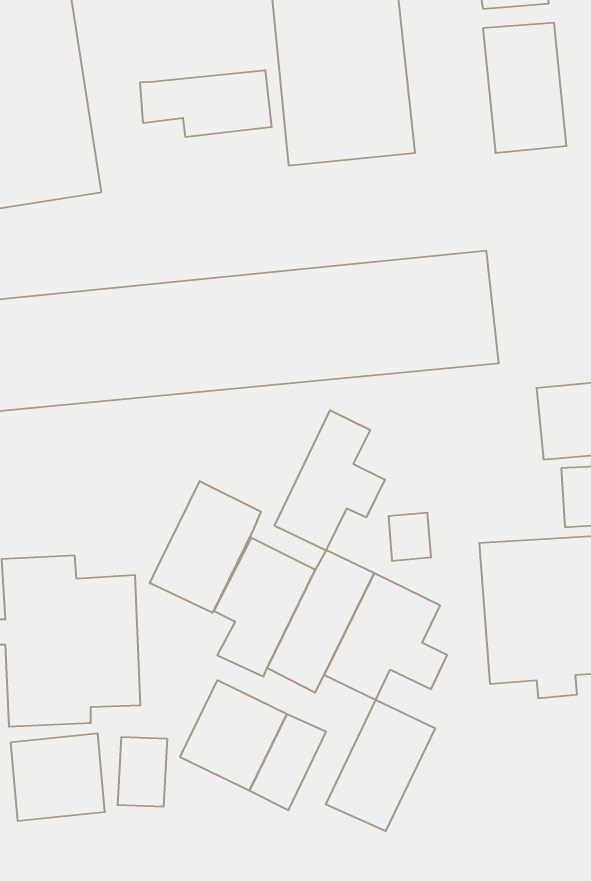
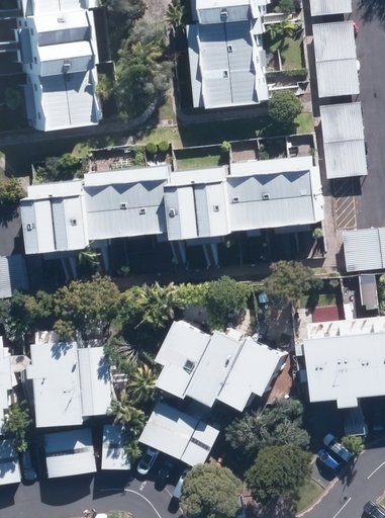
building: [140,70,272,137] -> none
building: none -> [316,106,363,180]
building: [275,410,385,551] -> none
building: [150,481,261,613] -> none
building: [326,700,435,831] -> none

